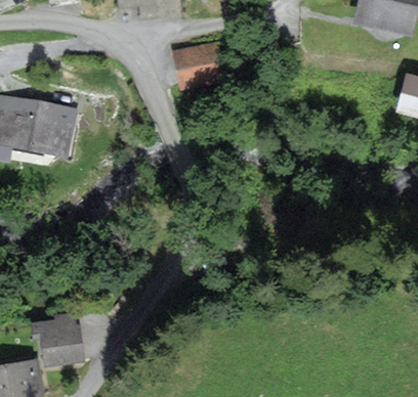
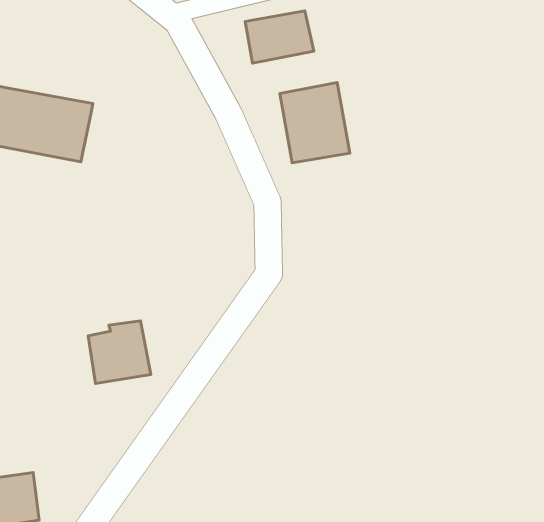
building: none -> [280,83,350,163]
building: [38,319,81,362] -> [88,321,151,383]

